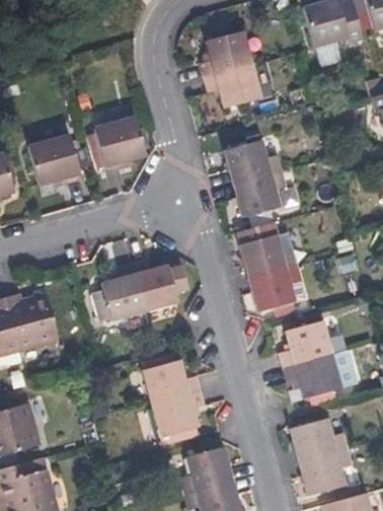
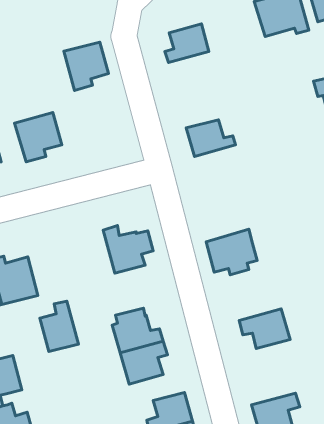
building: [205,63,260,107] -> none
building: [98,115,149,169] -> [64,42,109,91]
building: [234,168,285,217] -> none
building: [235,218,296,278] -> none
building: [100,265,144,321] -> [40,301,78,351]
building: [281,321,332,367] -> none
building: [291,421,349,462] -> none

